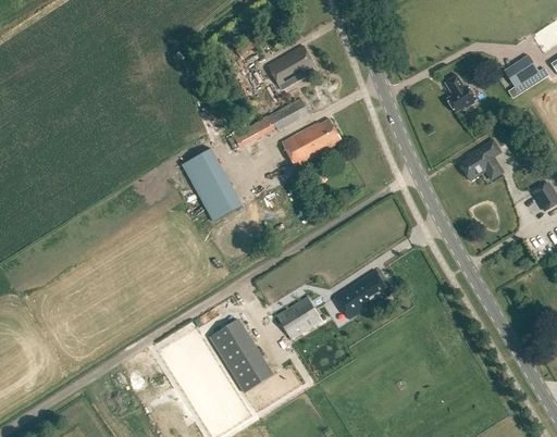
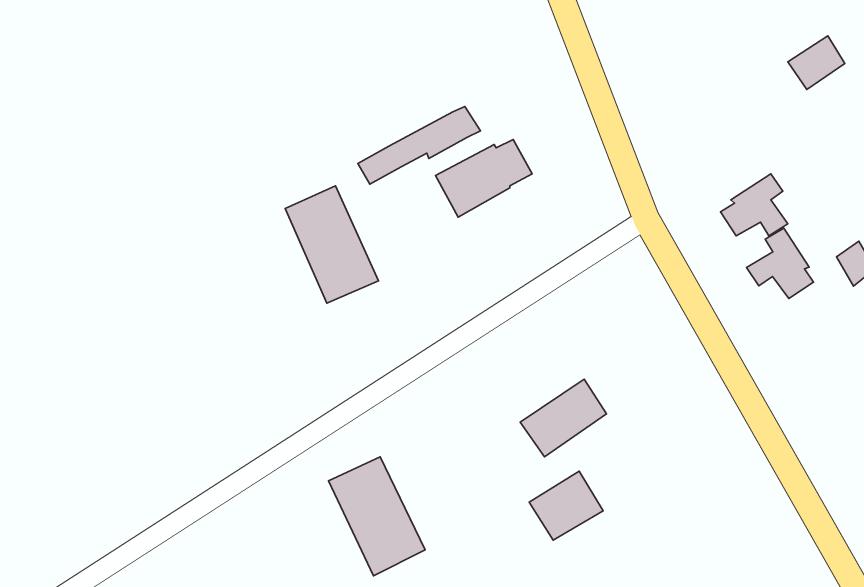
building: [265,45,314,89] -> none
building: [443,75,474,113] -> none
building: none -> [746,228,814,298]
building: [274,296,321,339] -> [529,471,603,540]

